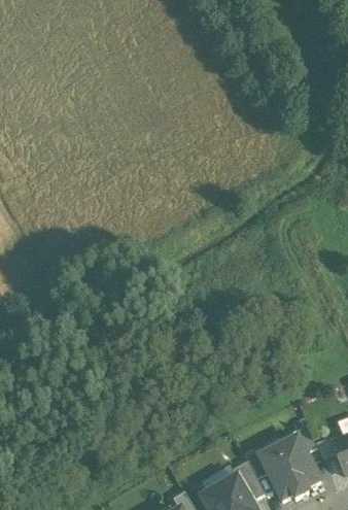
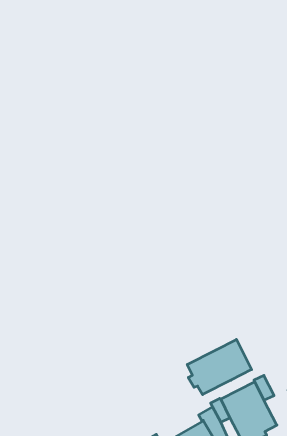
building: none -> [187,339,252,395]

